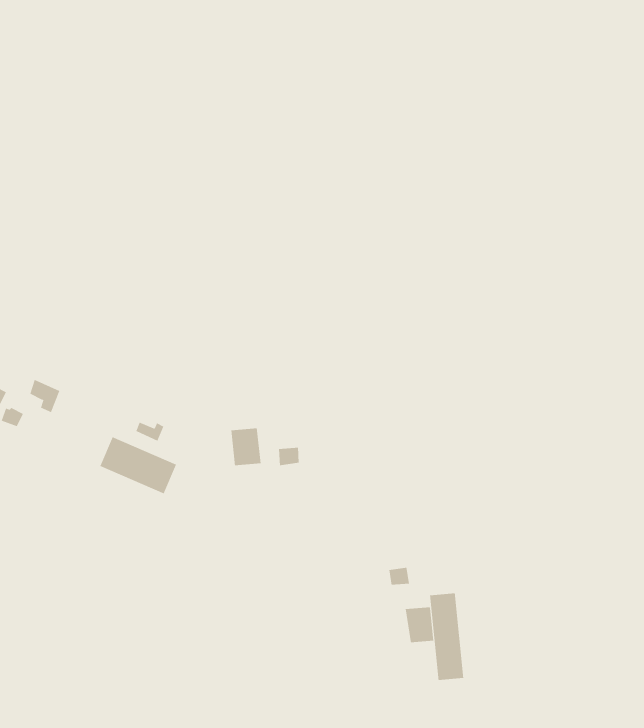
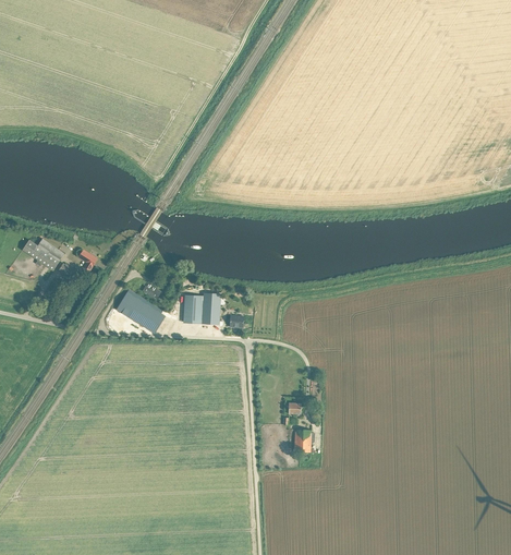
building: none -> [184,294,204,322]
building: [429,592,464,681] -> none

